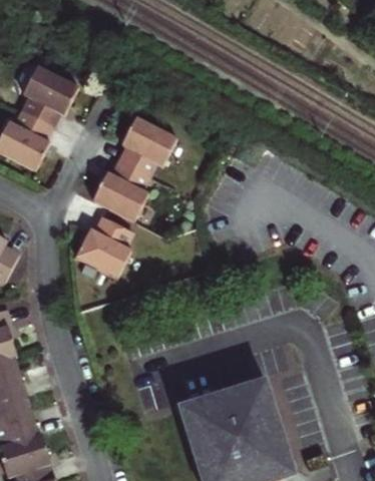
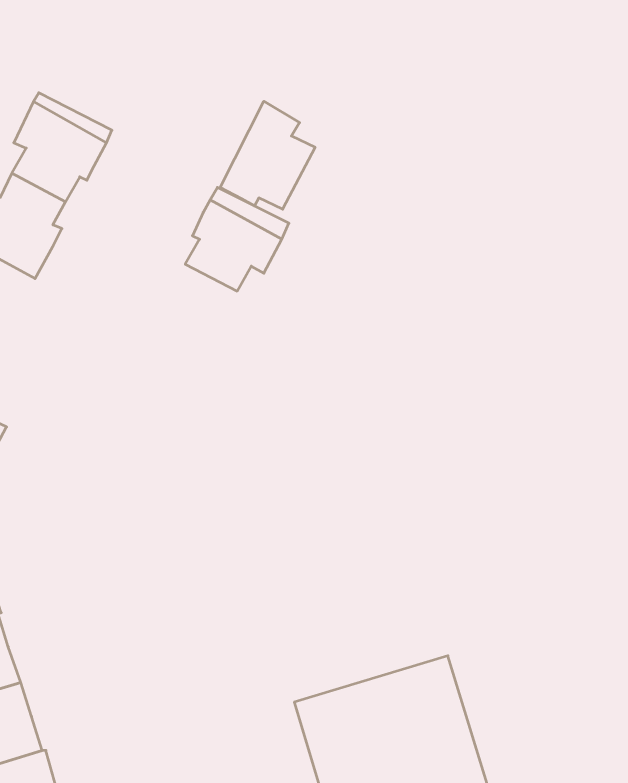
building: none -> [220,101,315,209]
building: [93,160,148,221] -> none
building: [76,216,132,279] -> none

